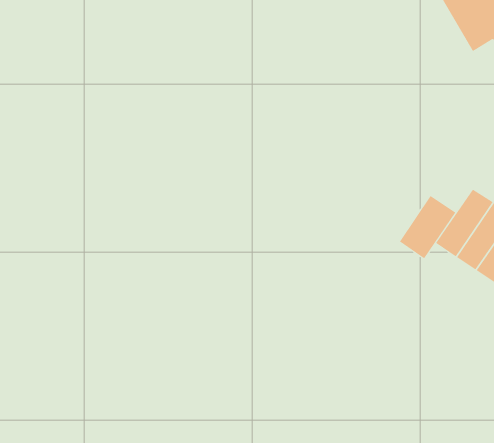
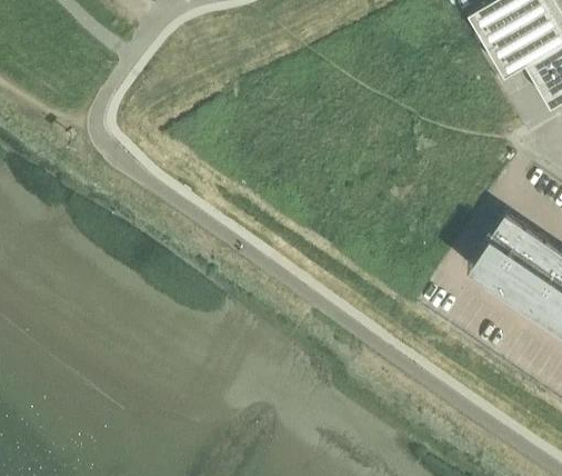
building: [399,195,456,259] -> none

